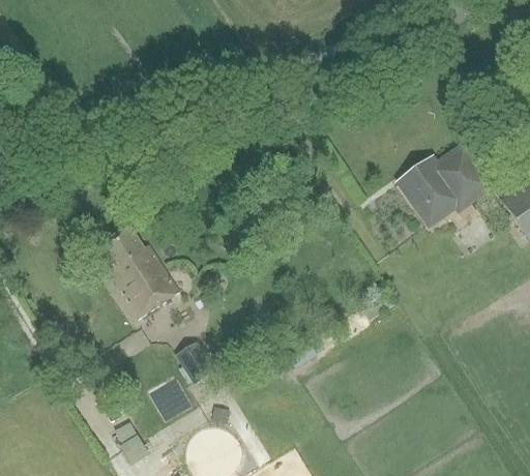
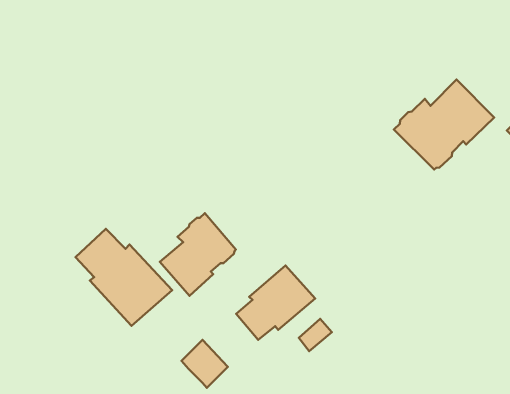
building: none -> [160,213,236,296]
building: none -> [236,265,315,340]

